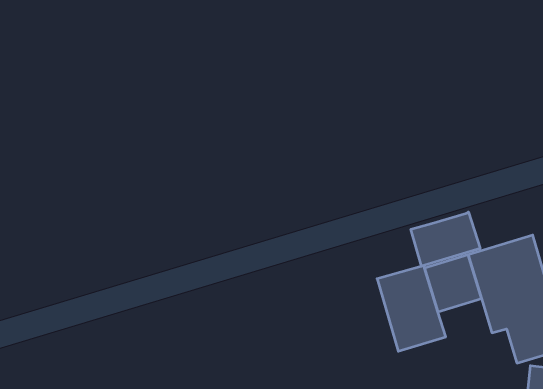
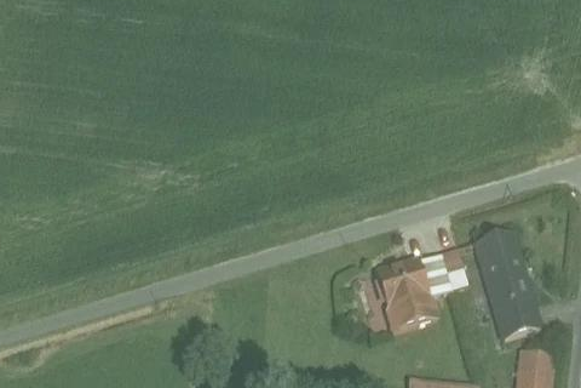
building: [411,212,480,266] -> none

